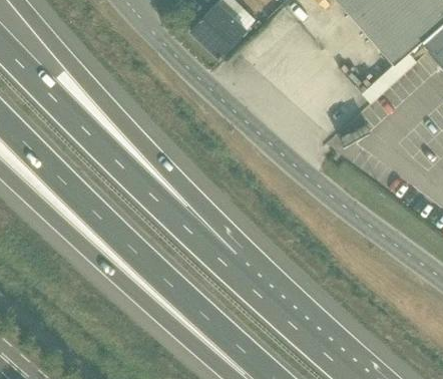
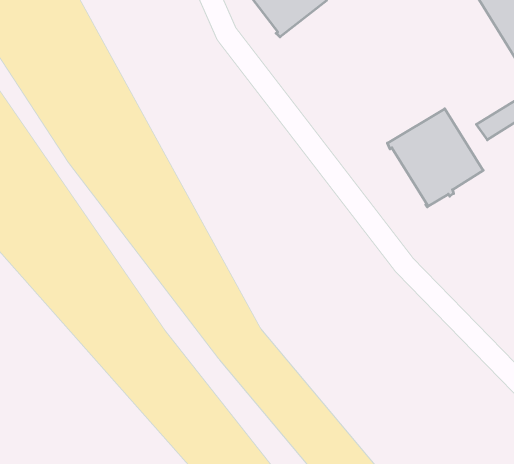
building: none -> [387,109,483,207]

